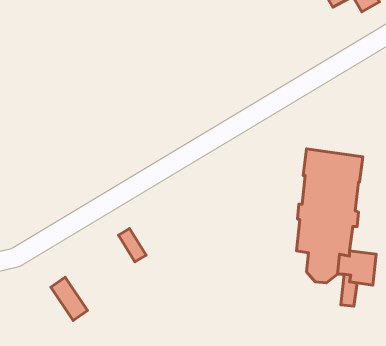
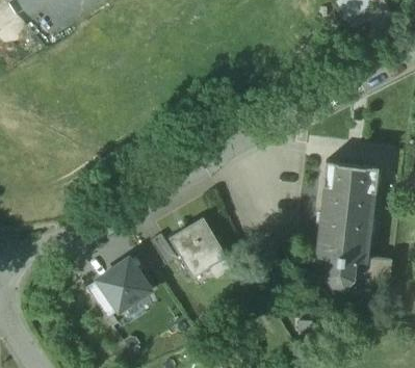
building: none -> [168,216,227,278]
building: none -> [100,260,150,311]

